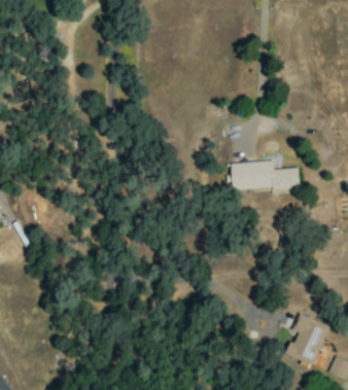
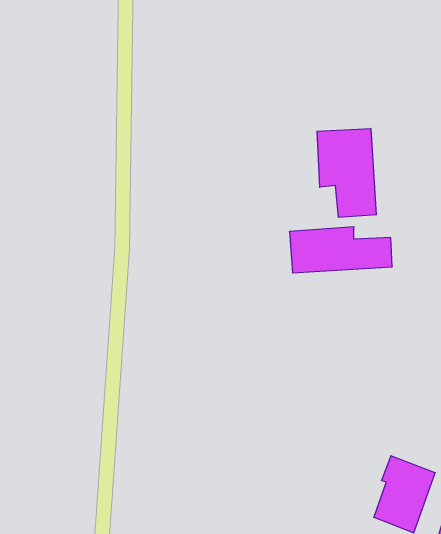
building: none -> [317,128,376,217]

